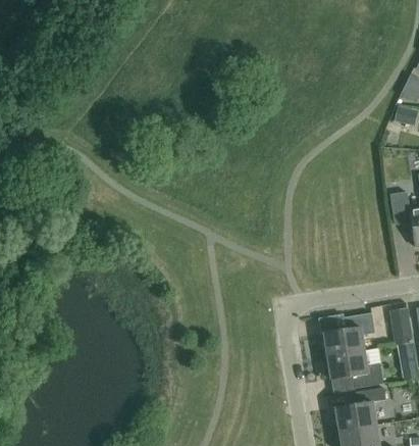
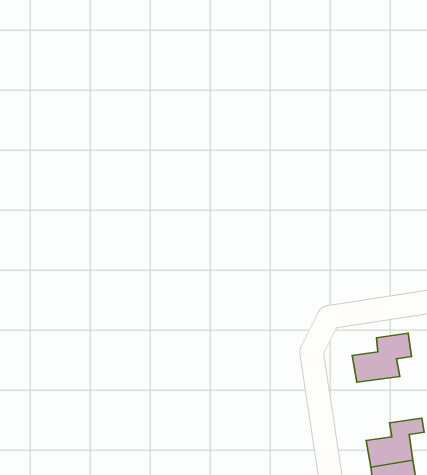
building: [326,351,382,388] -> none

